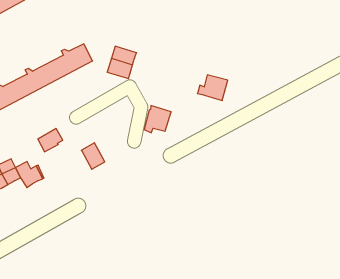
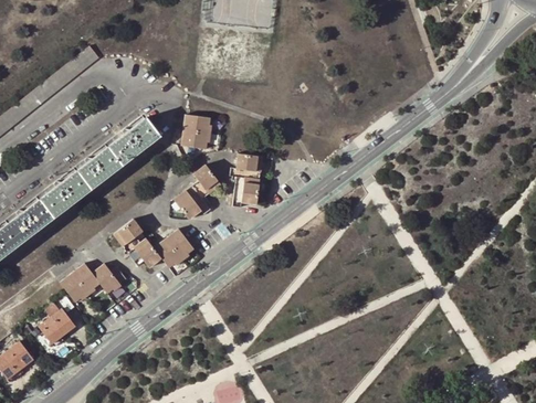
building: [197,75,228,101] -> [230,152,262,179]
building: none -> [172,165,220,220]
building: none -> [123,237,180,268]

